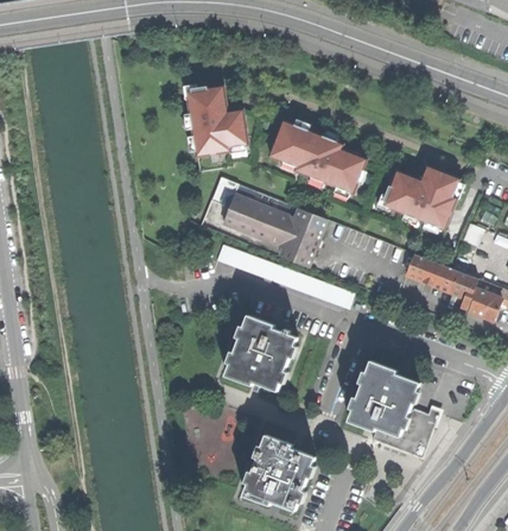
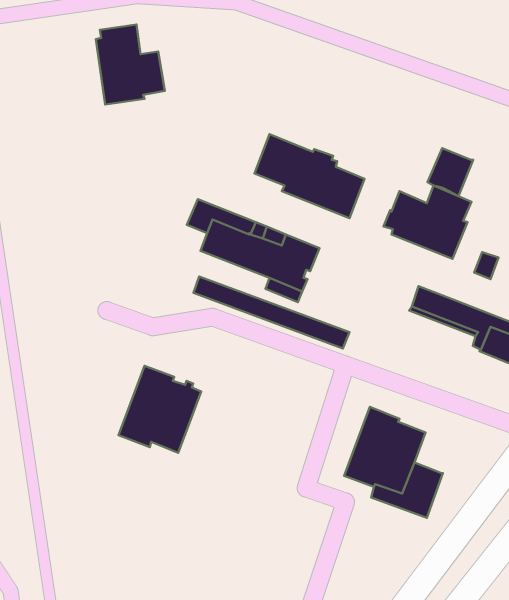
building: [186,86,247,156] -> [96,24,165,104]
building: none -> [428,148,473,196]
building: [223,314,296,390] -> [119,366,201,453]
building: [242,434,313,510] -> none

